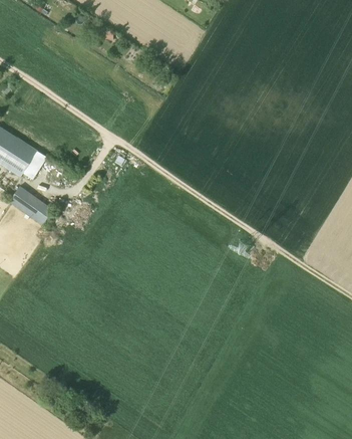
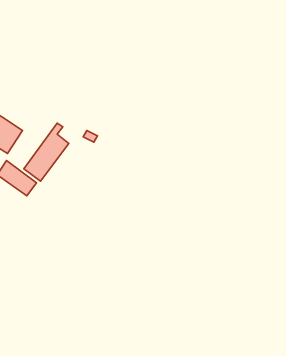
building: none -> [24,123,69,181]

